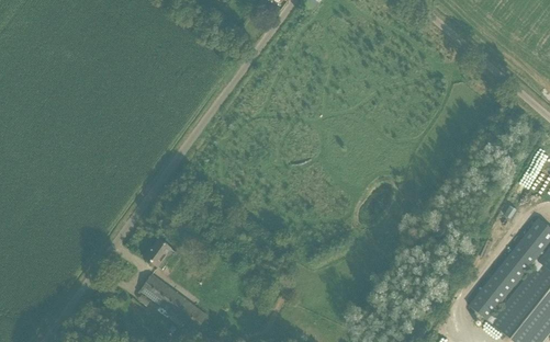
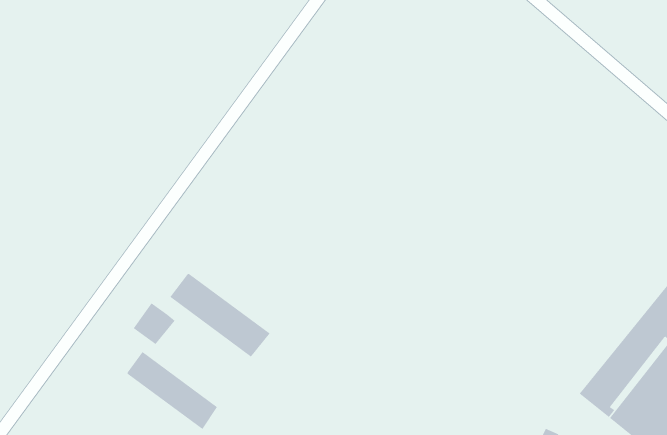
building: none -> [169,273,271,357]

